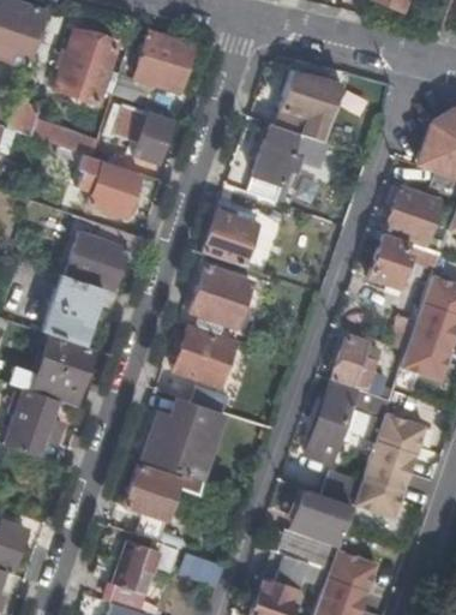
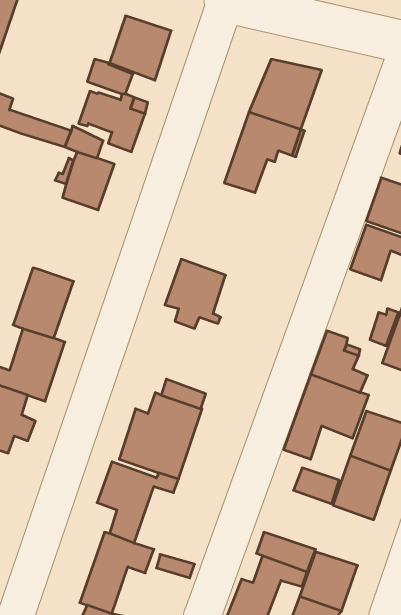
building: [56,32,119,105] -> none
building: [202,209,256,267] -> none
building: [66,228,143,289] -> none
building: [173,326,234,386] -> none
building: [292,490,350,533] -> none

